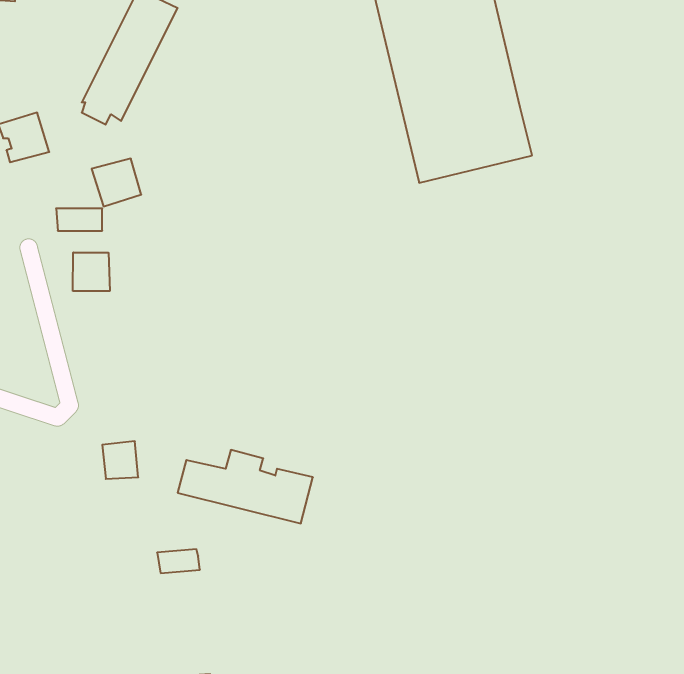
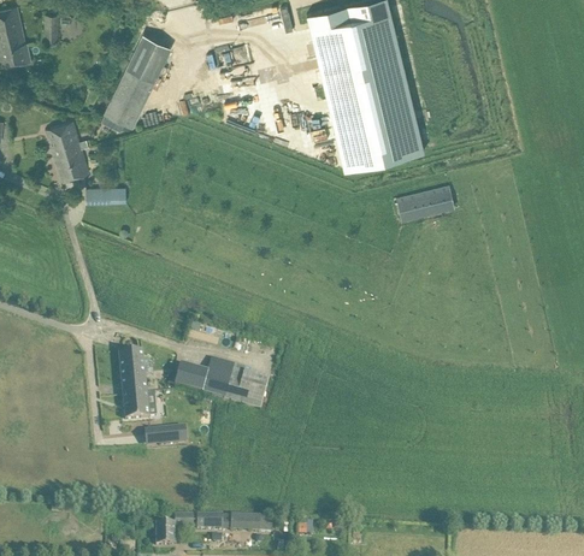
building: [92,159,141,206] -> [54,148,89,182]
building: none -> [395,184,454,219]
building: [73,252,110,291] -> none
building: none -> [122,377,148,420]

